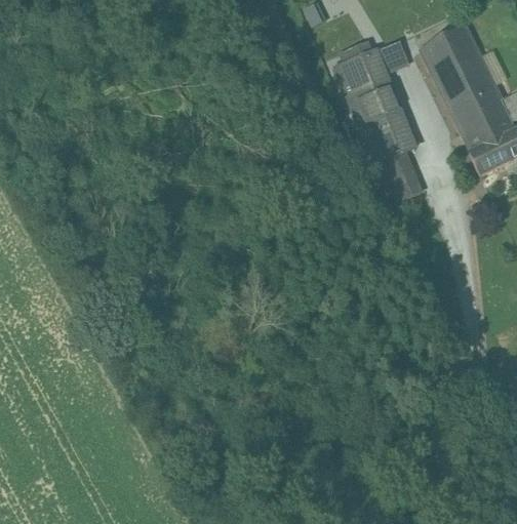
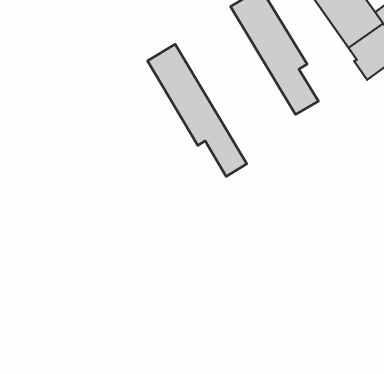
building: none -> [148,44,247,177]

